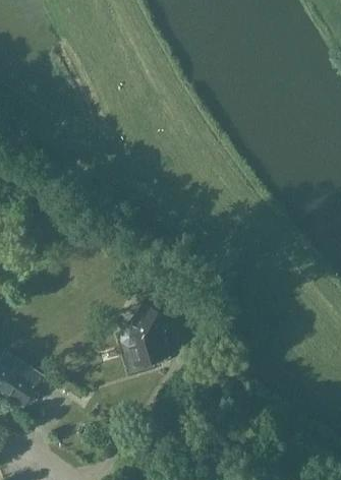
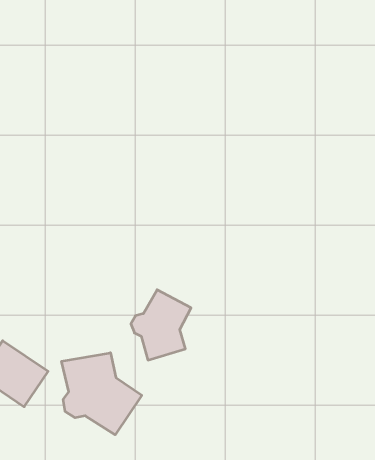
building: none -> [62,353,142,435]

